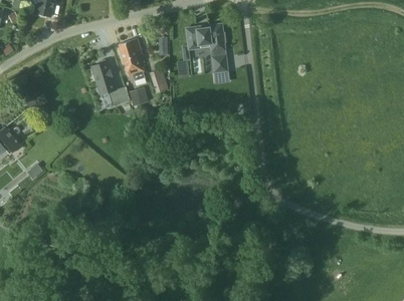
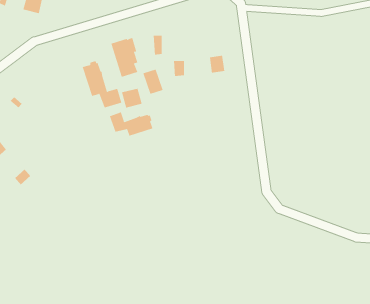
building: [186,24,225,51] -> none
building: none -> [109,111,153,137]

